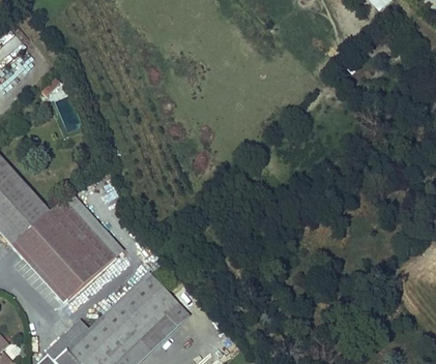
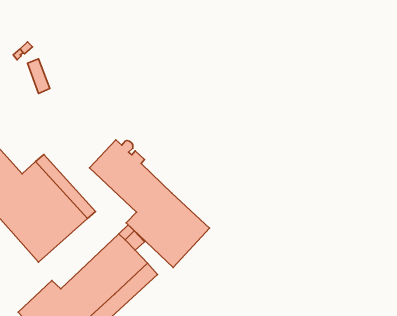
building: none -> [90,140,210,268]

